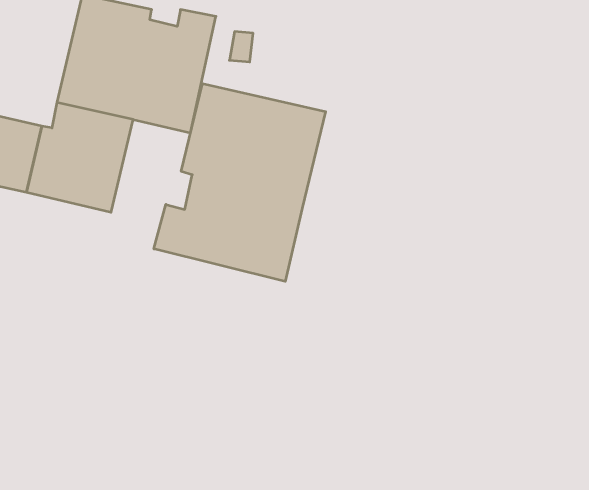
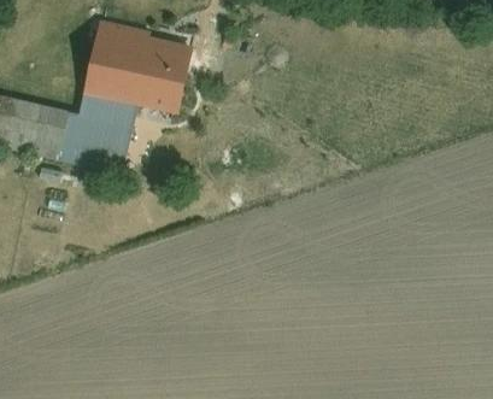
building: [154,84,326,281] -> none

